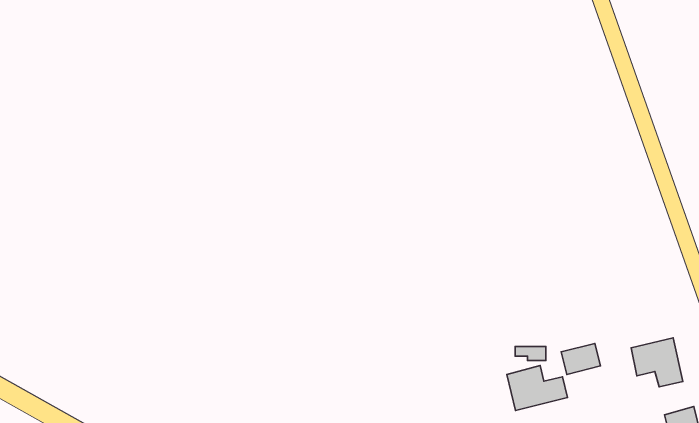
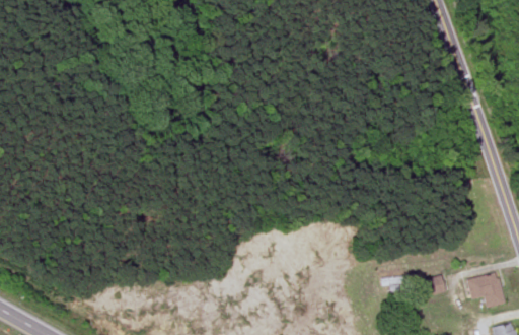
building: [507,365,567,410] -> none

